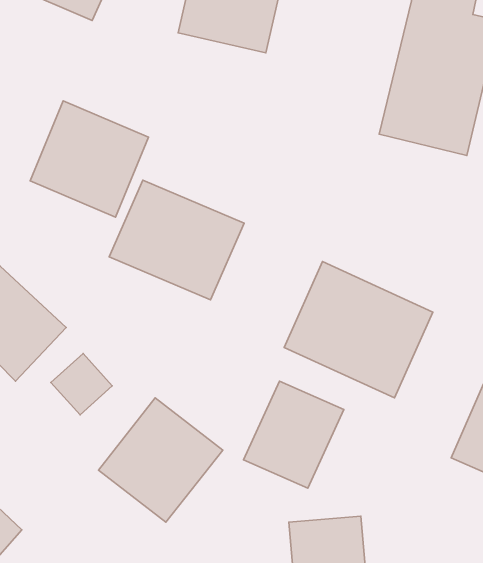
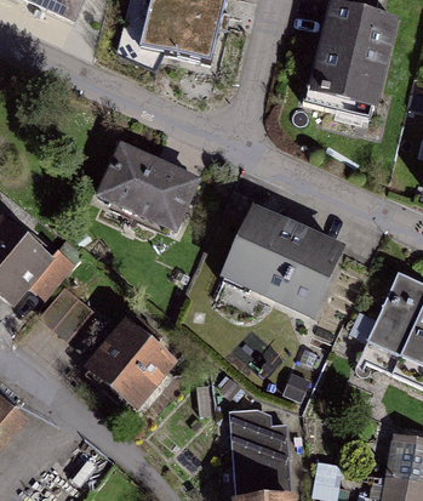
building: [30,101,149,217] -> none
building: [244,381,344,488] -> none

